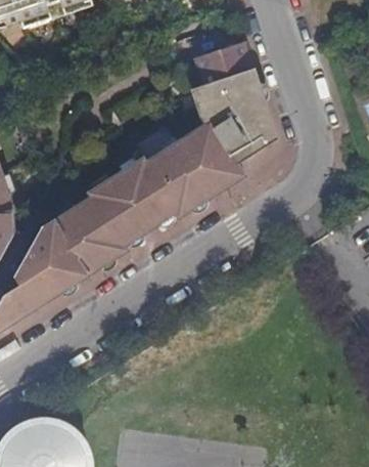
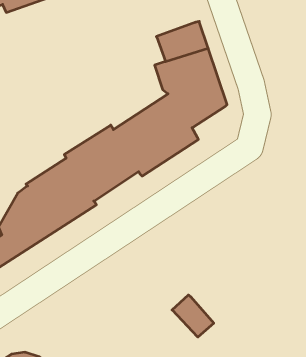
building: none -> [172,295,214,337]

